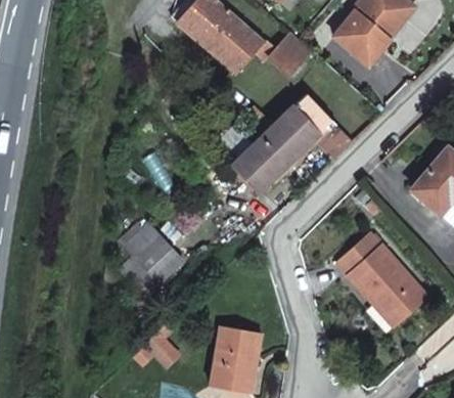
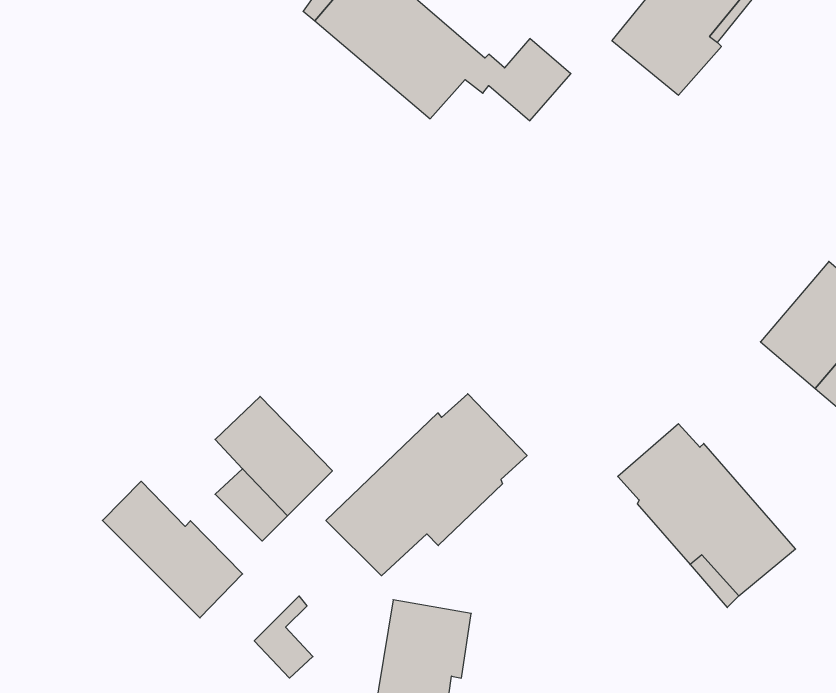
building: [236,92,356,188] -> none
building: none -> [326,394,527,576]
building: none -> [102,481,243,618]

